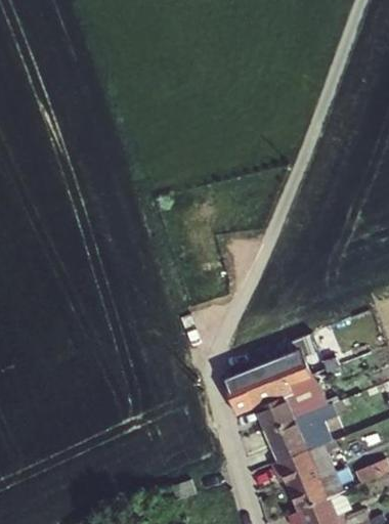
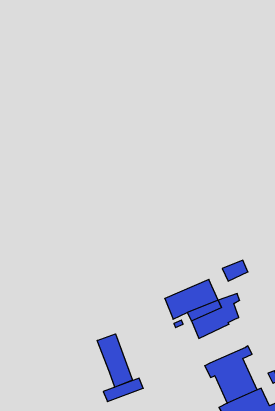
building: [264,407,321,462] -> none
building: none -> [97,334,132,387]

